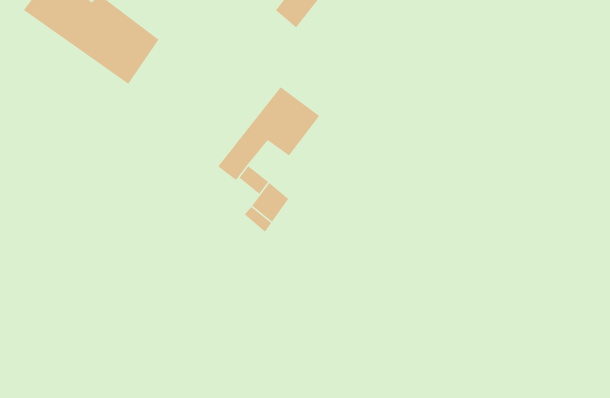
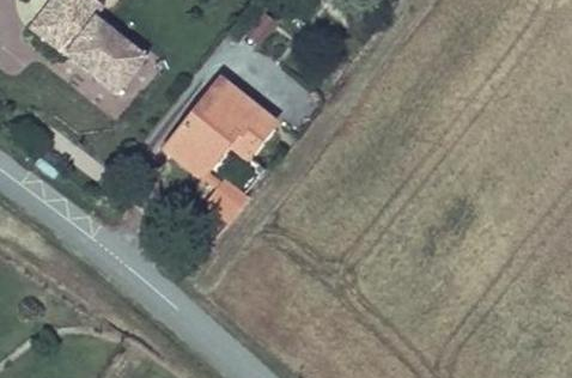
building: none -> [168,75,244,160]

